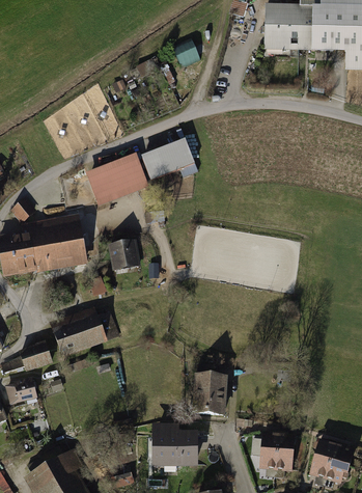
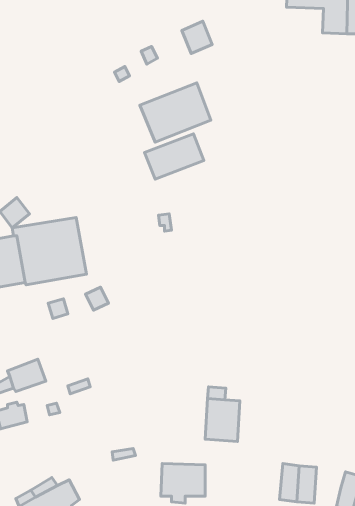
building: [266,26,300,49] -> none
building: [84,153,147,206] -> [140,83,211,142]
building: [108,239,140,270] -> none
building: [48,306,105,356] -> none

